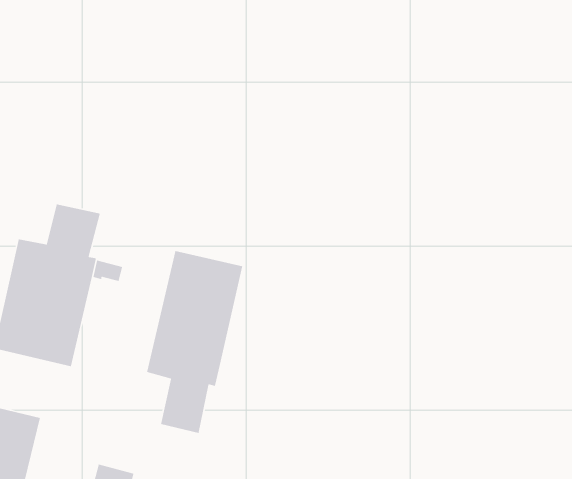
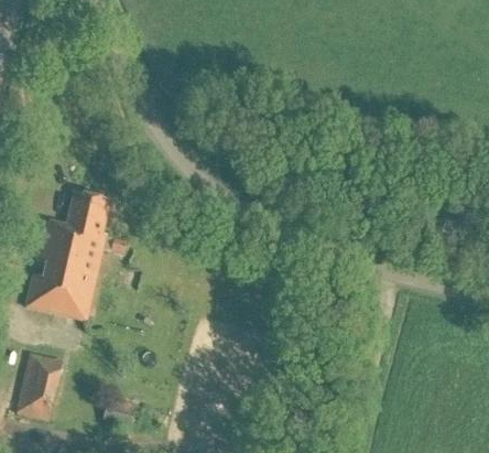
building: [146,250,243,434] -> none

